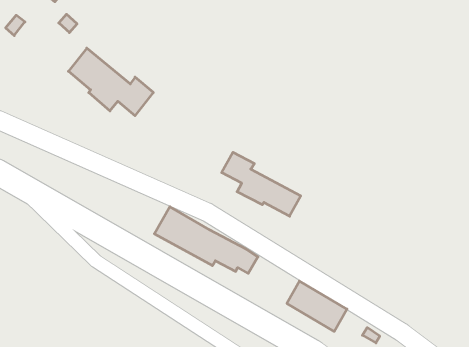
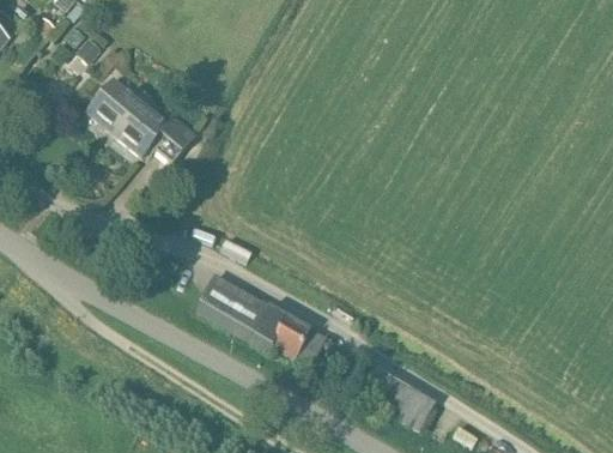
building: [222,152,301,216] -> none

